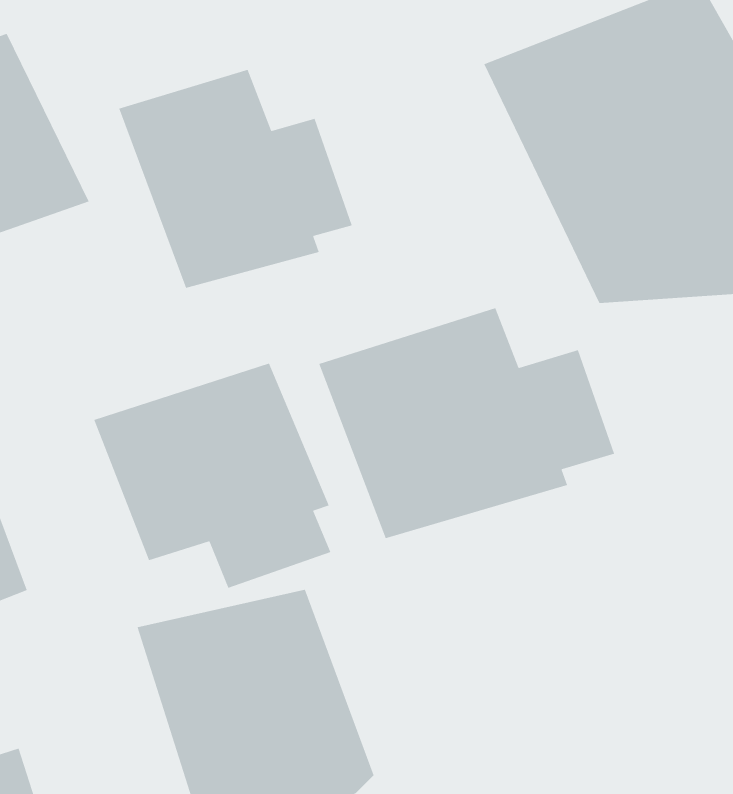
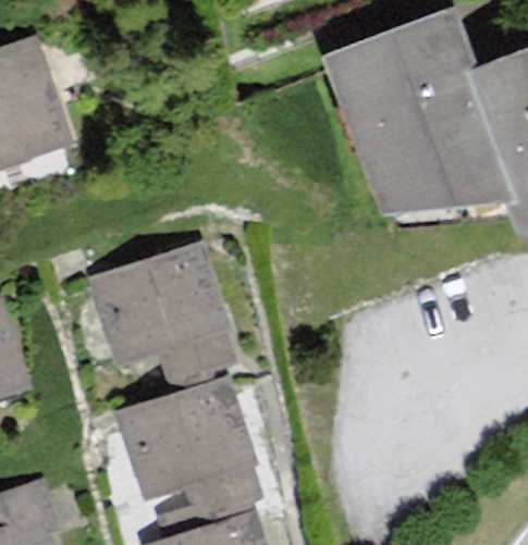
building: [118,69,353,289] -> none
building: [318,307,615,539] -> none

